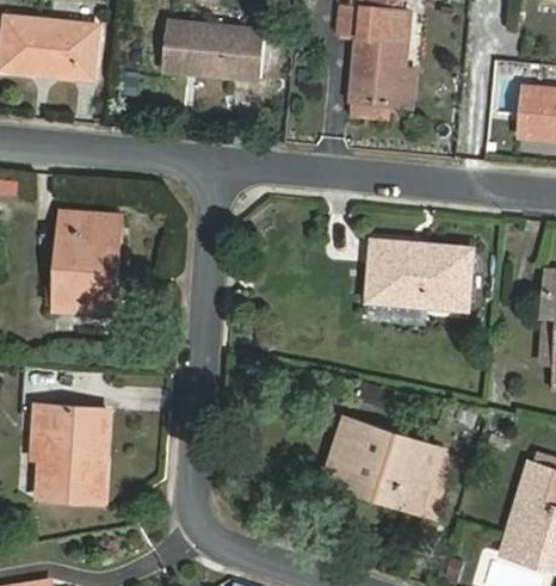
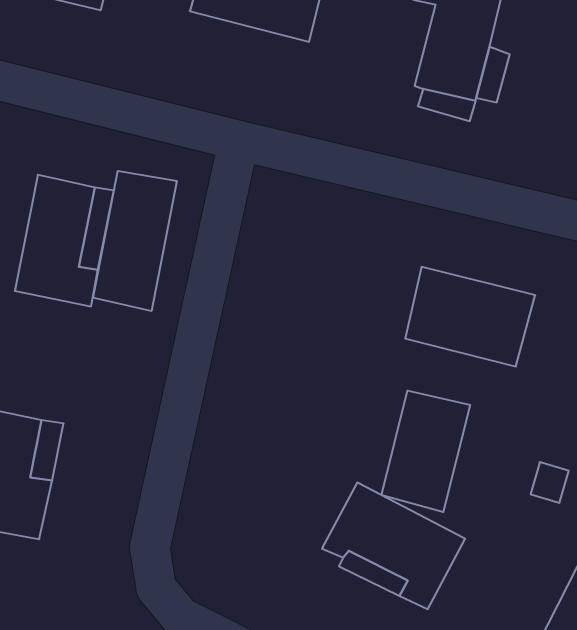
building: none -> [93,171,177,311]
building: none -> [382,390,470,512]

